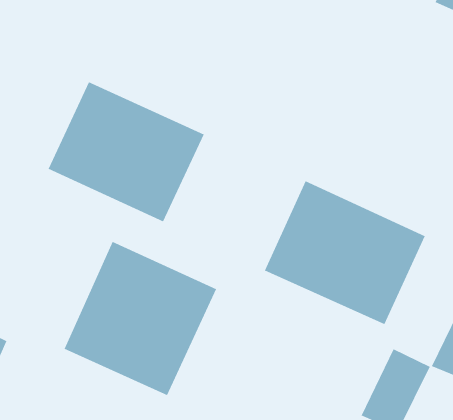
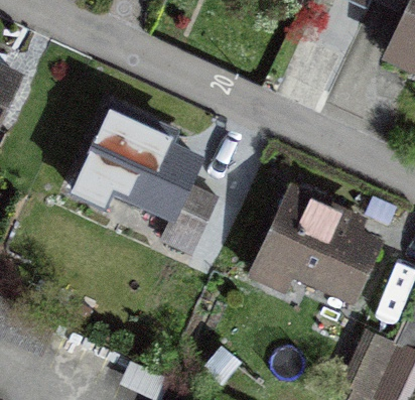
building: [64,241,217,396] -> none

